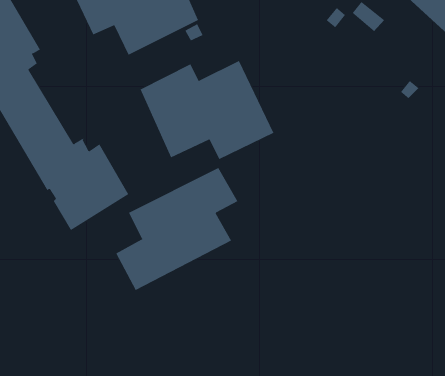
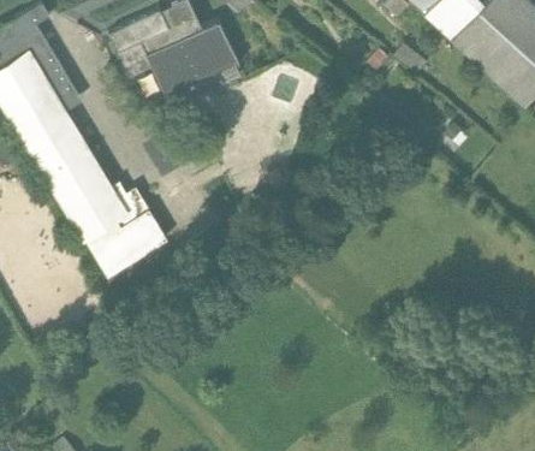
building: [140,60,274,160] -> none
building: [116,167,238,291] -> none

